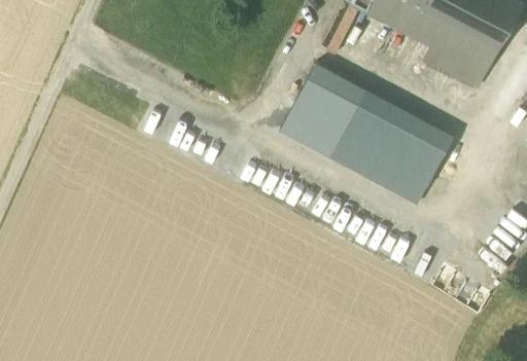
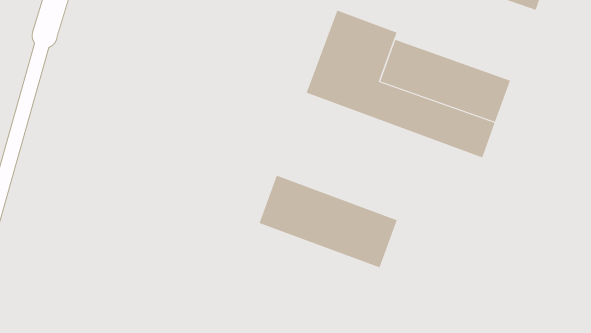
building: none -> [259,175,397,268]

